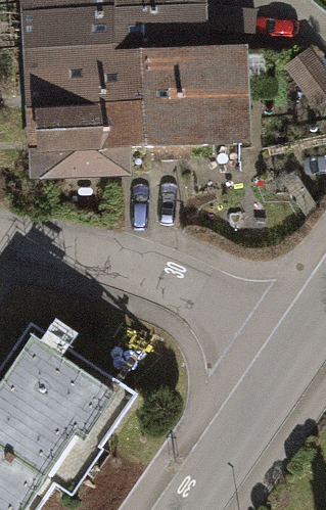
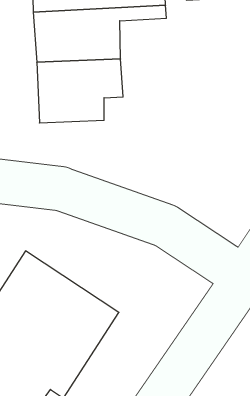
building: [142,52,244,147] -> none

